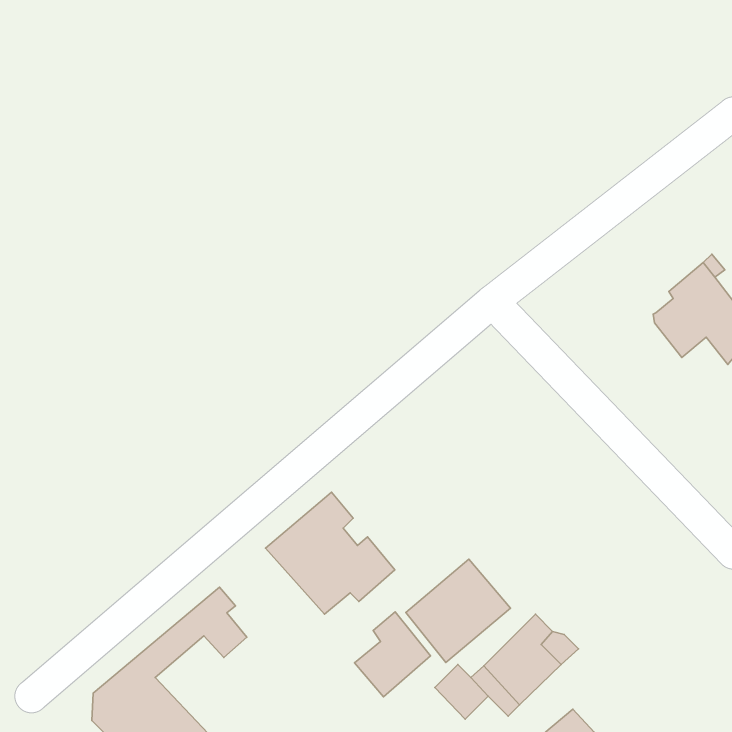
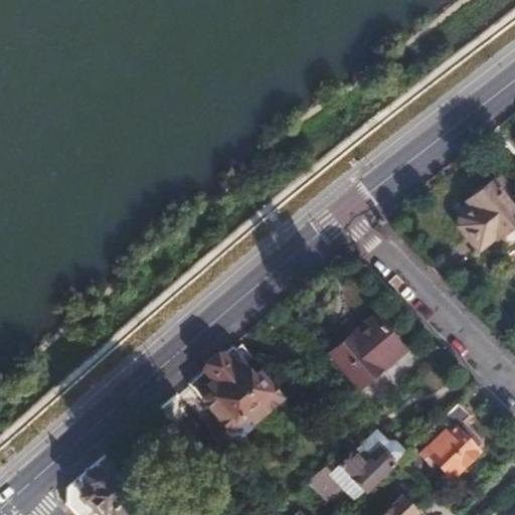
building: [406,559,511,663] -> [330,318,403,390]
building: none -> [424,401,483,479]
building: [355,612,430,697] -> none

